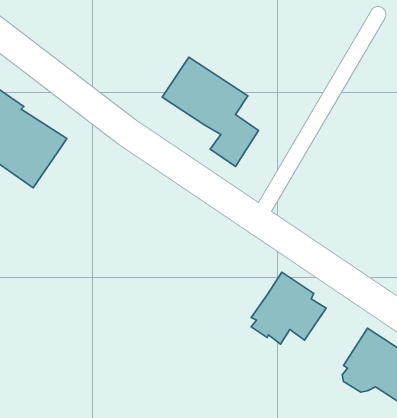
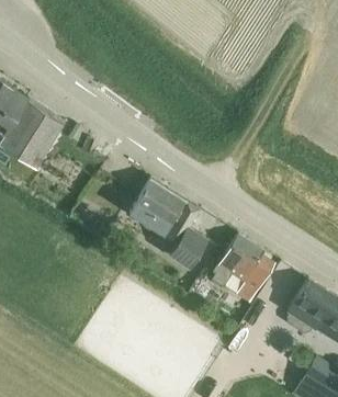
building: [162,57,258,167] -> [129,180,209,270]

